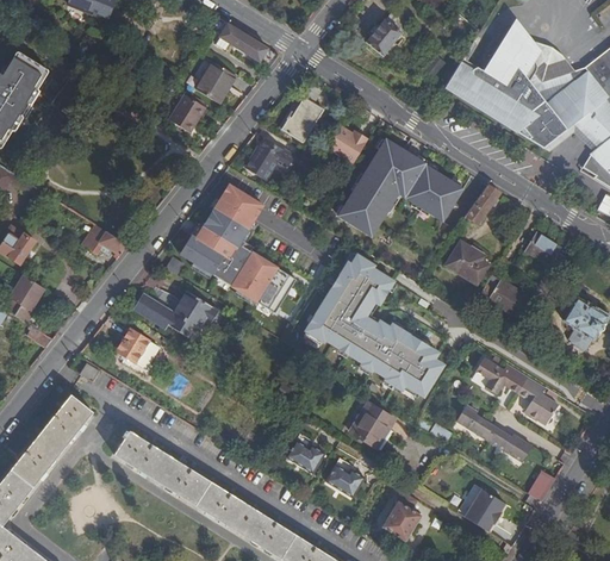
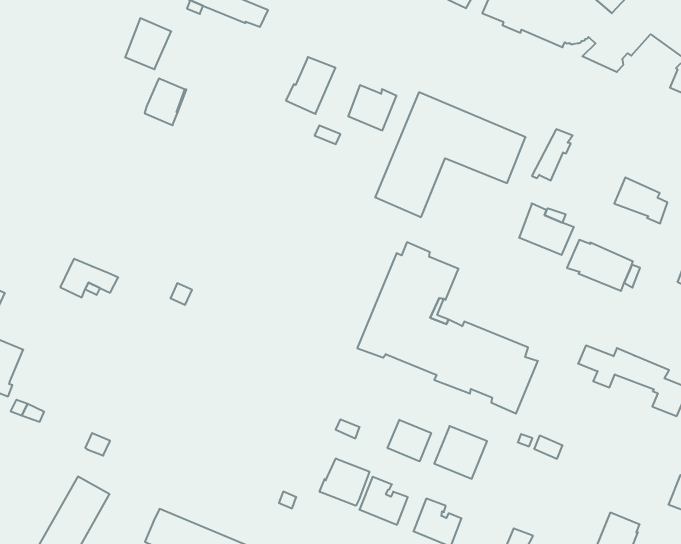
building: [197,61,236,102] -> [125,18,171,69]
building: [245,138,294,180] -> none
building: [180,185,295,313] -> none
building: [132,291,219,338] -> none
building: [116,328,160,368] -> none
building: none -> [388,420,431,461]
building: [456,404,533,461] -> none
building: none -> [320,458,369,506]

